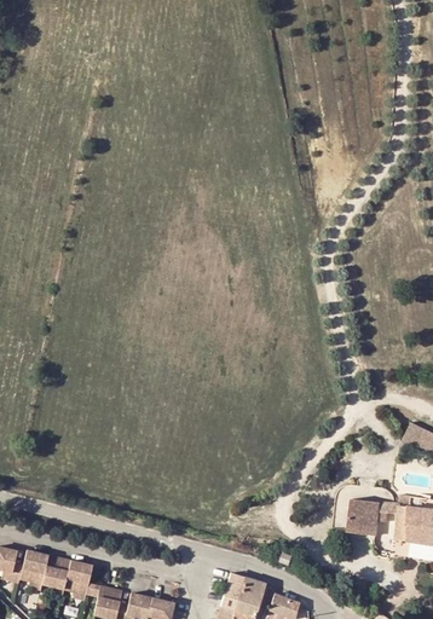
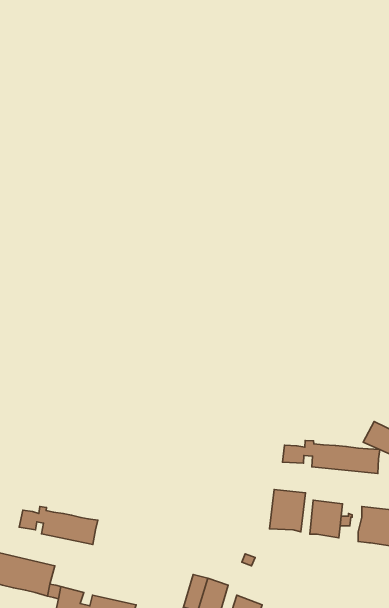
building: none -> [283,440,380,473]
building: none -> [270,490,305,532]
building: none -> [19,507,98,544]

